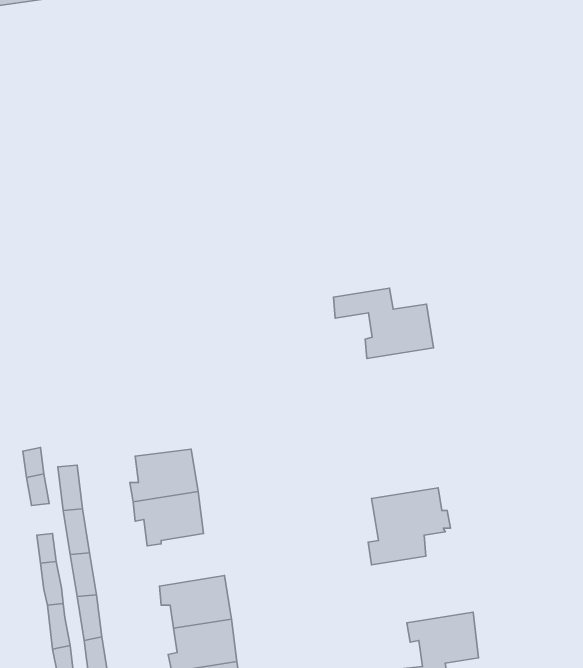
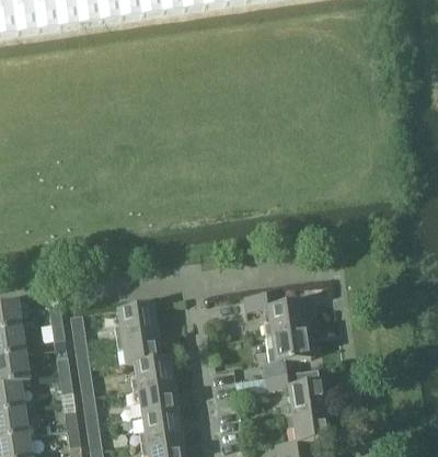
building: [333,288,433,358] -> [245,293,308,336]
building: none -> [131,357,174,391]
building: none -> [266,373,330,414]

